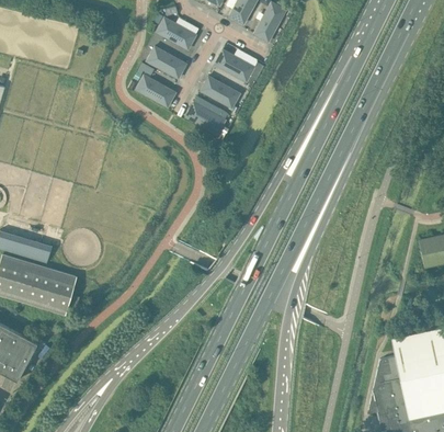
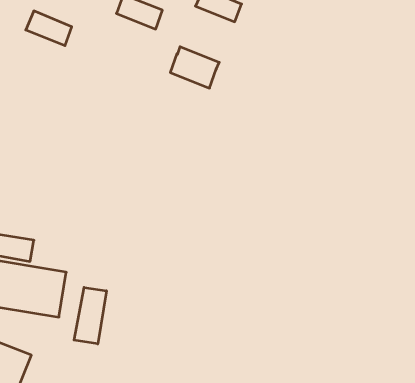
building: [135,75,174,107] -> [26,11,72,46]
building: [200,76,239,107] -> none
building: none -> [74,287,106,344]

